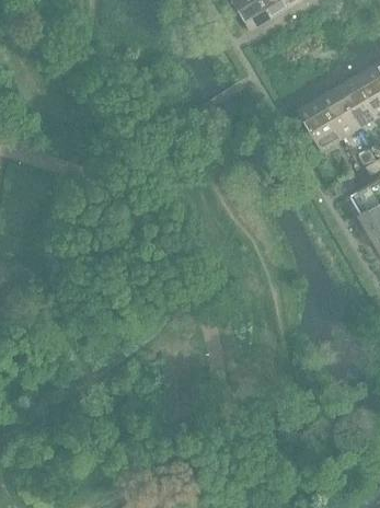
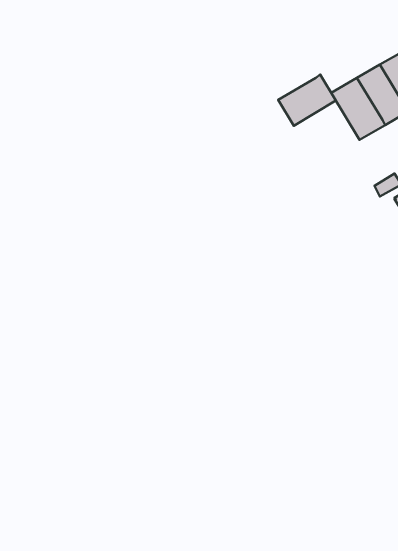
building: none -> [278,75,336,126]

